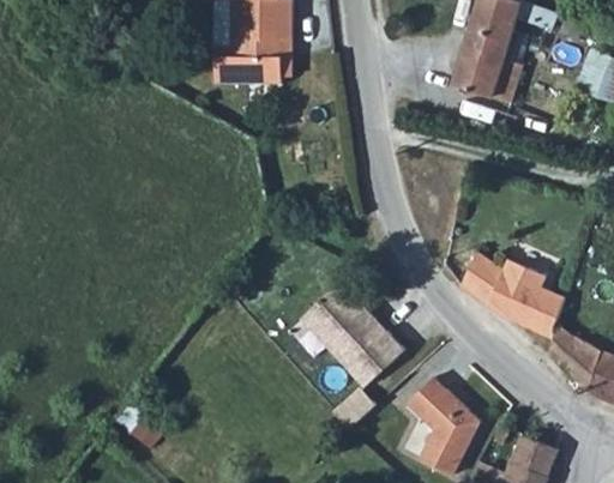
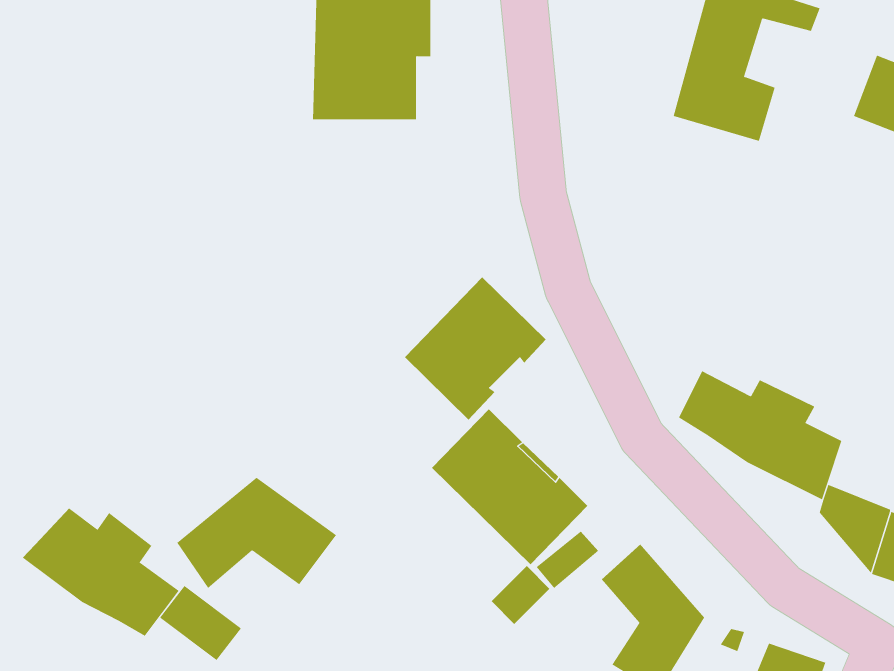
building: none -> [404,276,547,420]
building: none -> [176,477,337,589]
building: none -> [22,508,179,637]

